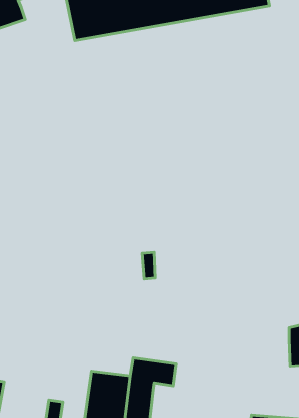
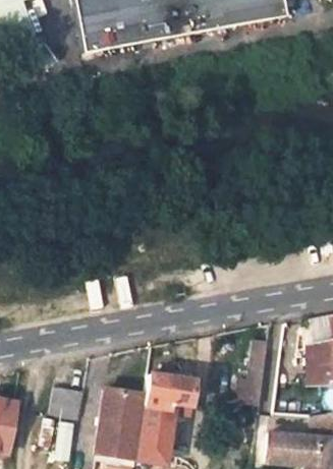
building: none -> [232,340,267,403]
building: none -> [53,385,85,417]

